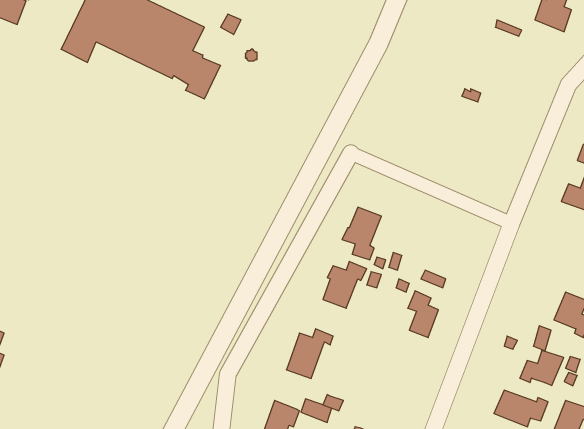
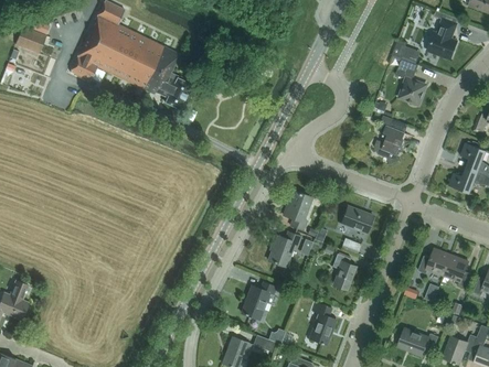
building: none -> [395,64,426,105]
building: none -> [375,126,406,164]
building: none -> [341,206,373,238]
building: [520,350,564,385] -> [418,249,451,276]
building: none -> [309,303,336,345]

